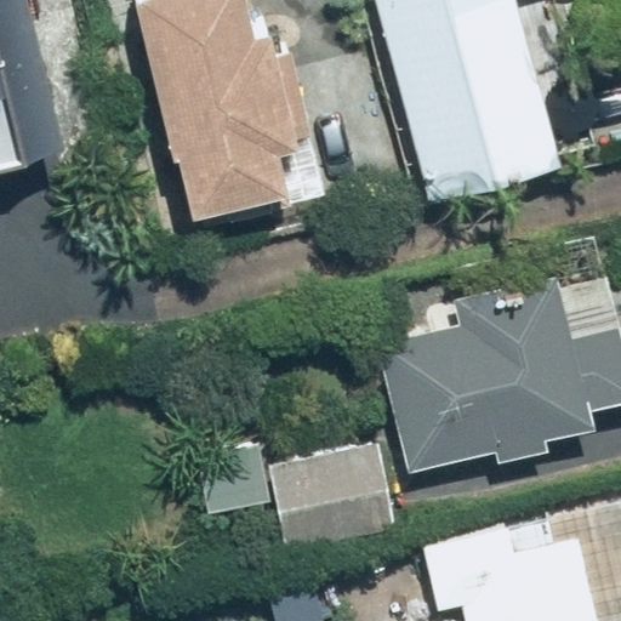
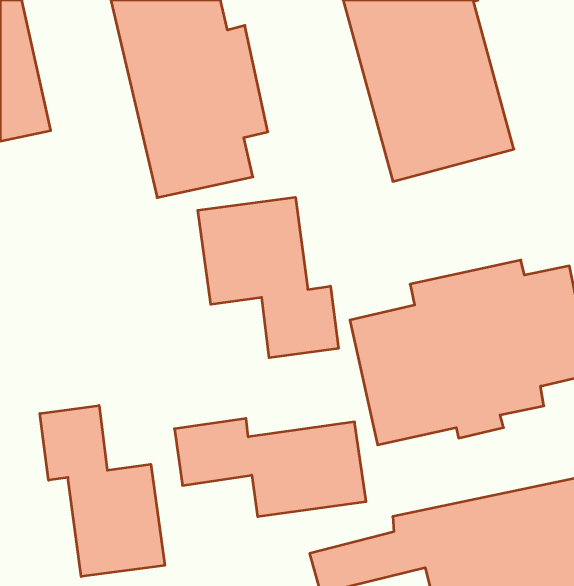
building: none -> [198,197,338,358]
building: none -> [40,405,165,577]

